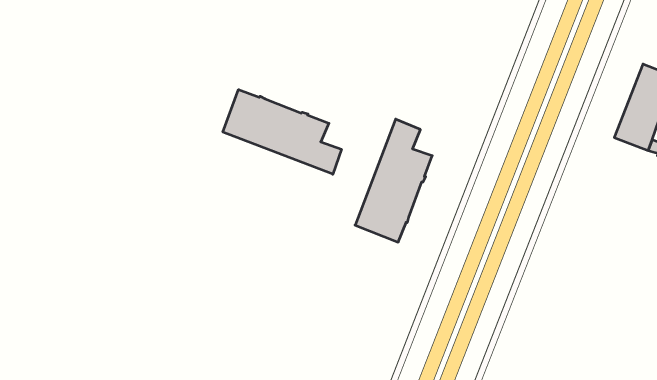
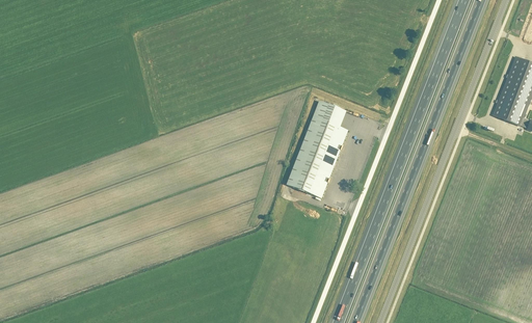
building: [223,90,341,174] -> none

